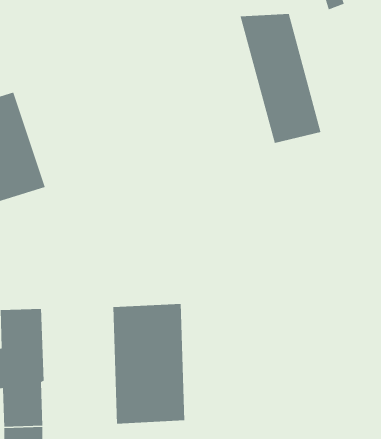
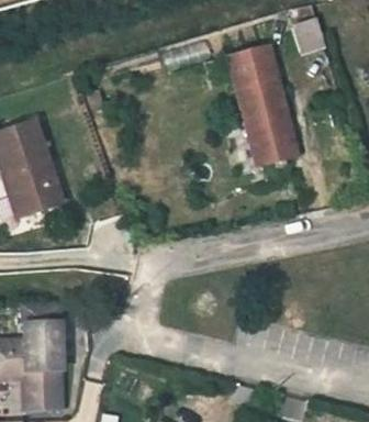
building: [113,303,185,424] -> none

